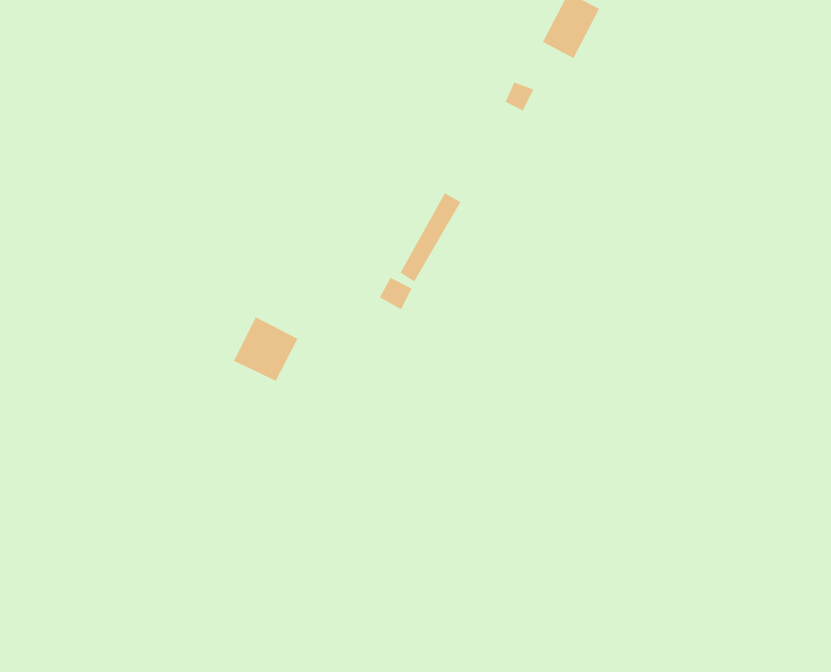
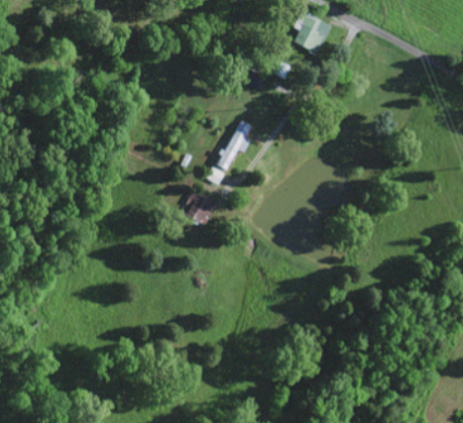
building: [233,316,299,382] -> [182,191,217,226]

